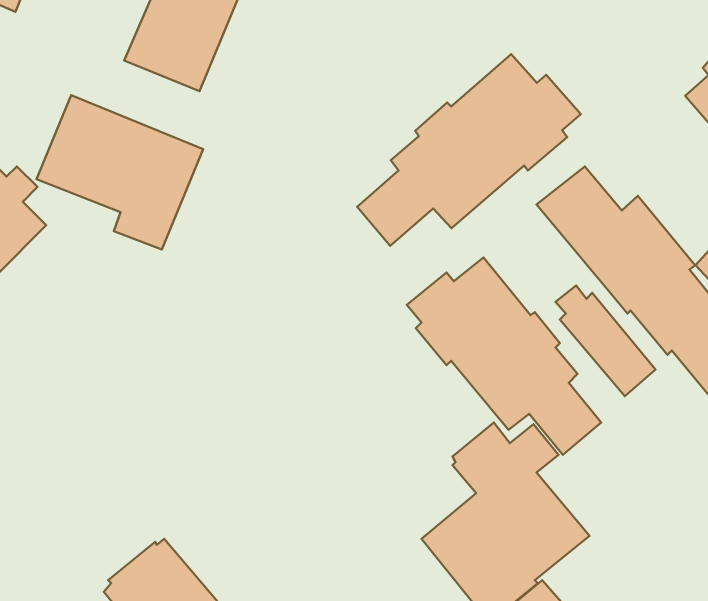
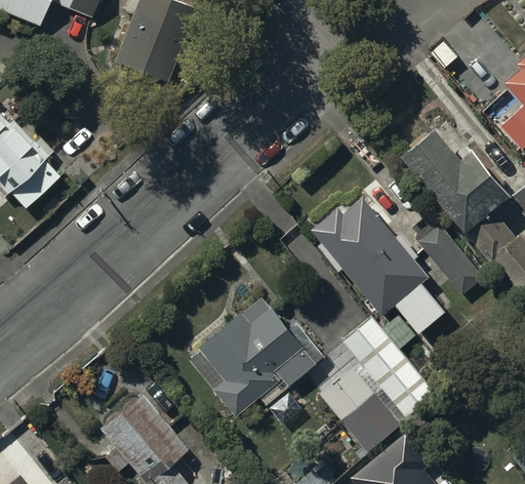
building: [357,54,581,246] -> none
building: [37,95,203,250] -> none
building: none -> [190,296,324,417]

